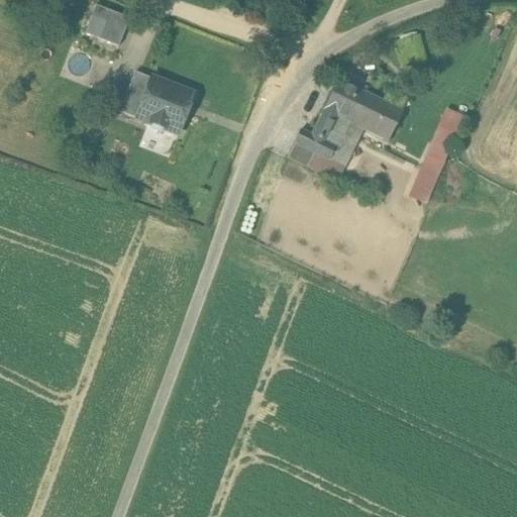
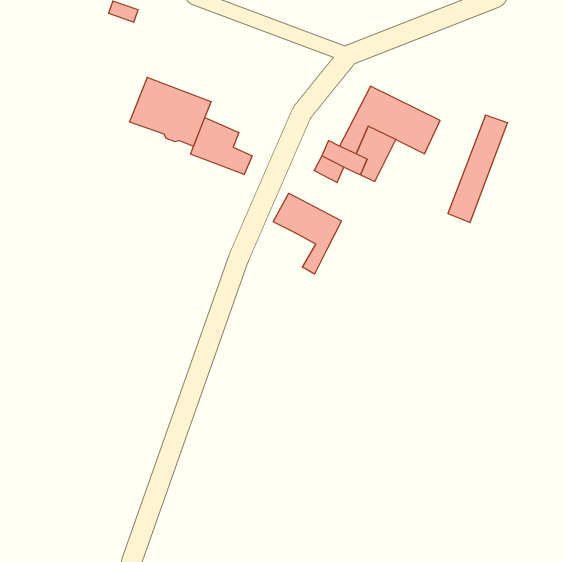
building: [94,12,131,40] -> none
building: none -> [190,117,252,175]
building: none -> [273,193,341,274]

